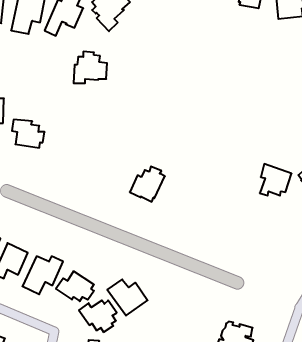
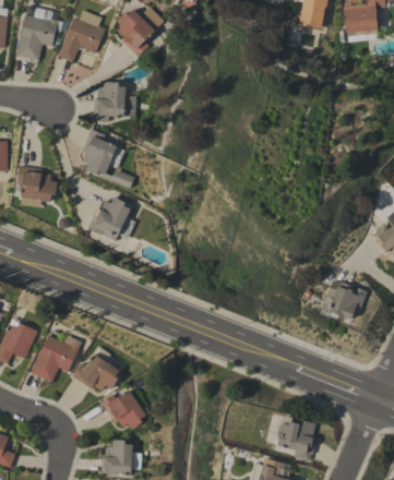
building: none -> [83,129,134,188]
building: [260,164,292,196] -> [327,279,367,319]
building: [130,166,165,202] -> [87,196,131,240]
building: [107,279,148,316] -> none

